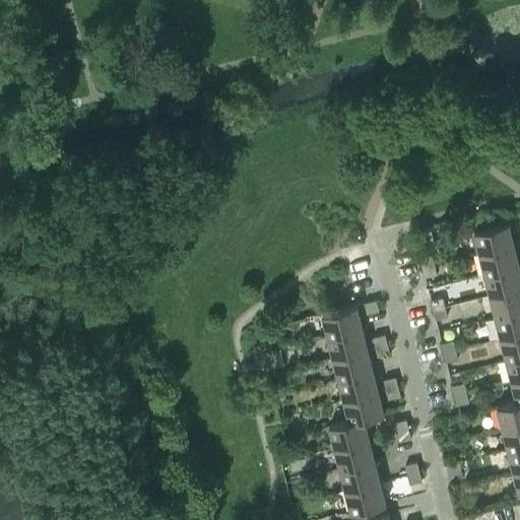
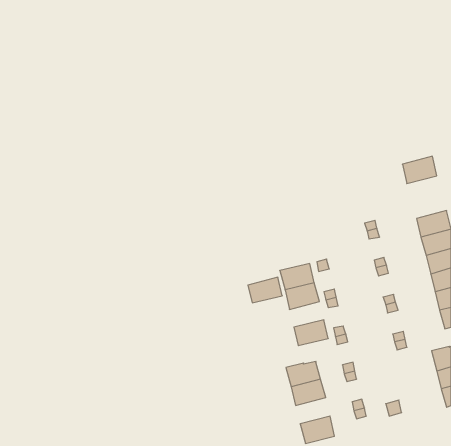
building: [474,225,514,257] -> [402,156,437,184]
building: [333,352,373,382] -> [248,277,282,303]
building: [343,395,384,425] -> none
building: [340,463,380,494] -> none

